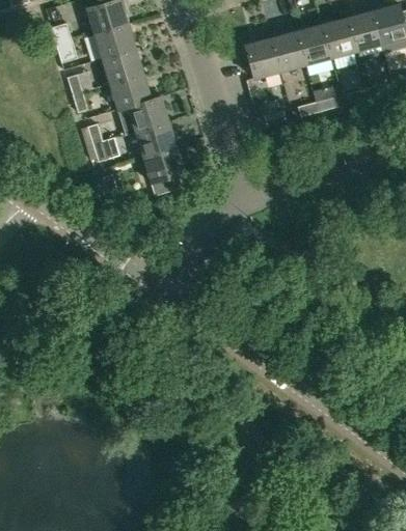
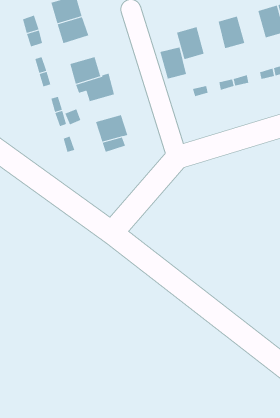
building: [321,18,355,58] -> none
building: [270,31,304,72] -> [160,47,187,79]
building: [102,49,142,84] -> none
building: [135,122,175,157] -> none

